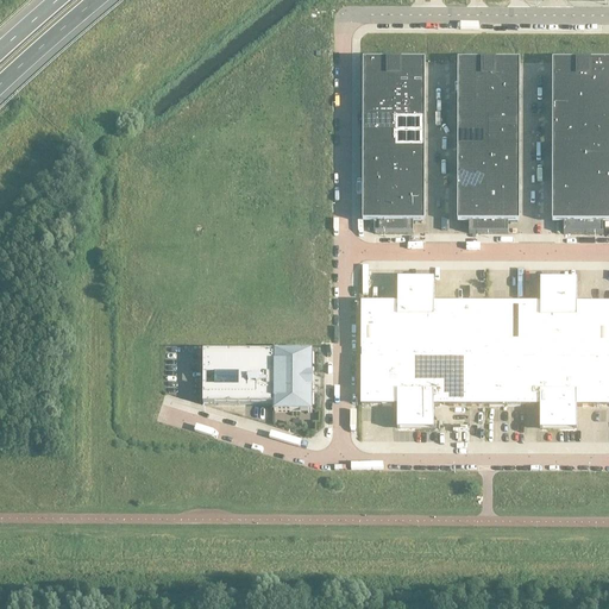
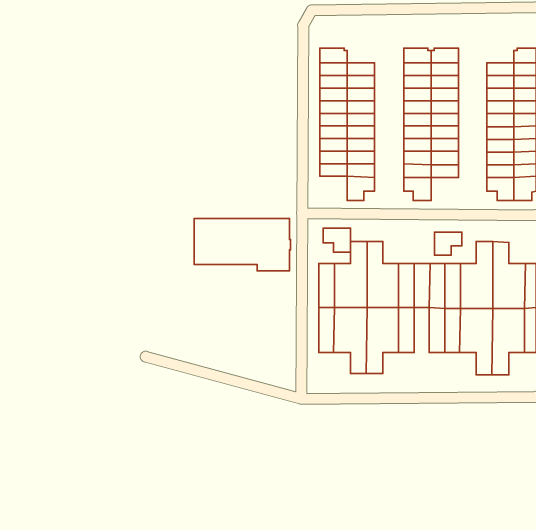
building: [394,55,425,71] -> none
building: [552,55,583,71] -> none
building: [363,200,394,227] -> [323,228,350,252]
building: [489,201,520,227] -> [435,232,462,255]
building: [203,346,313,406] -> [194,218,291,271]
building: [470,349,486,400] -> none

